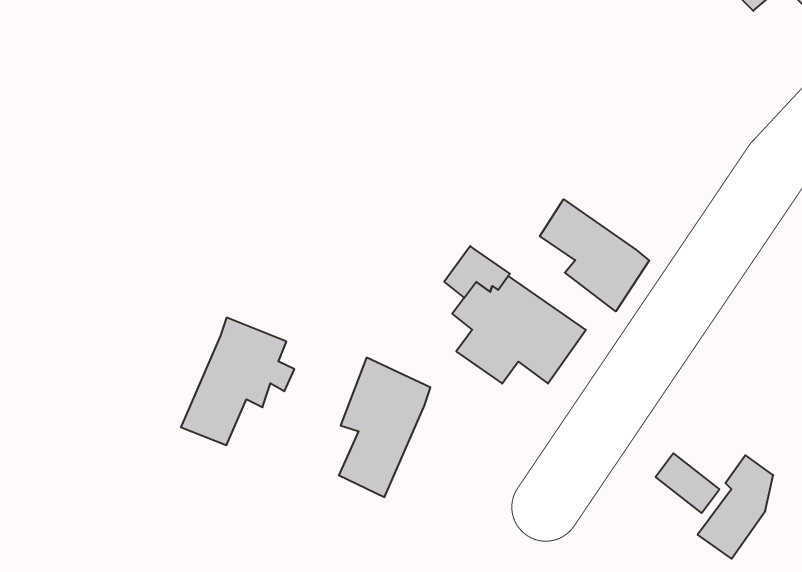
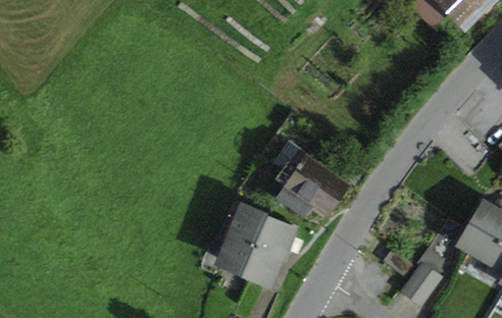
building: [540,199,649,311] -> none
building: [181,318,294,445] -> [242,216,300,281]

